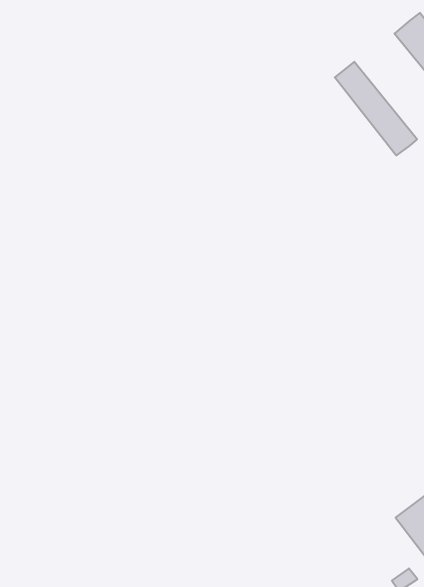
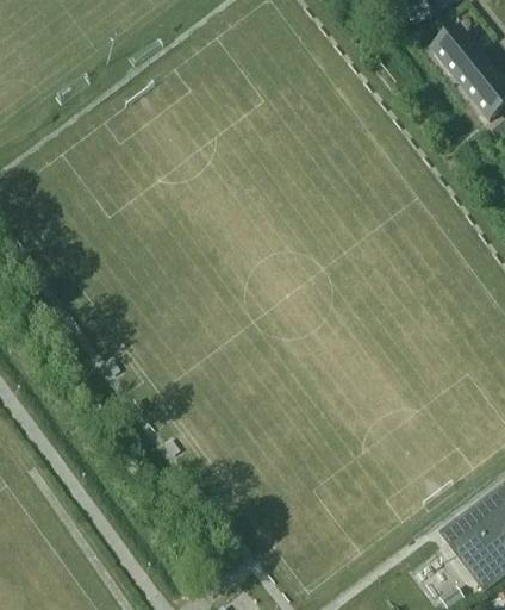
building: [335,62,417,155] -> none

